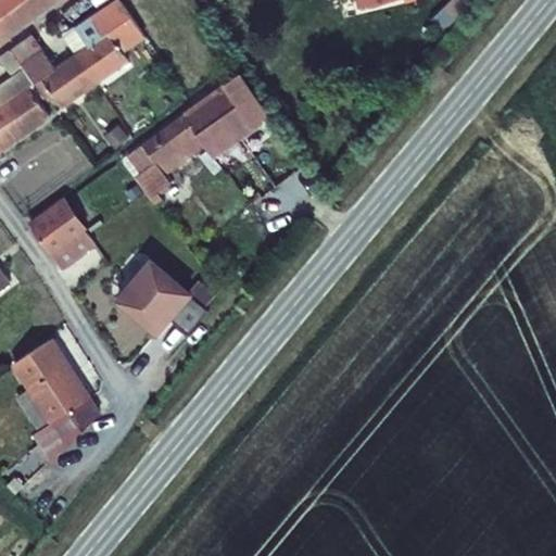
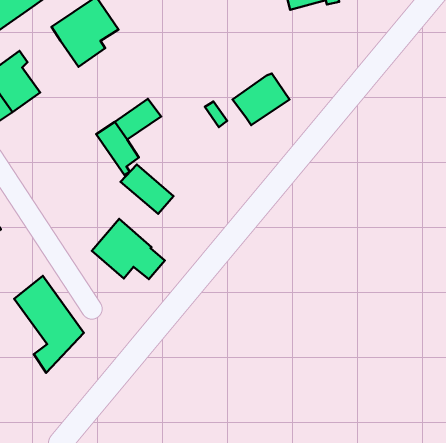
building: [22,45,96,103] -> none
building: [180,89,250,152] -> [233,74,289,125]
building: none -> [121,164,173,214]
building: [29,203,92,267] -> none

